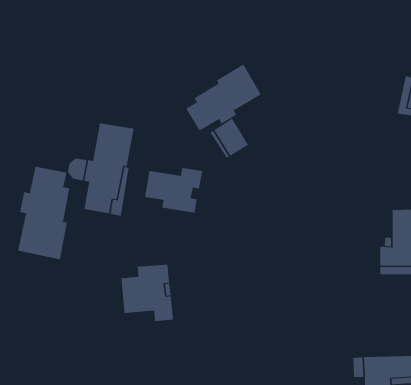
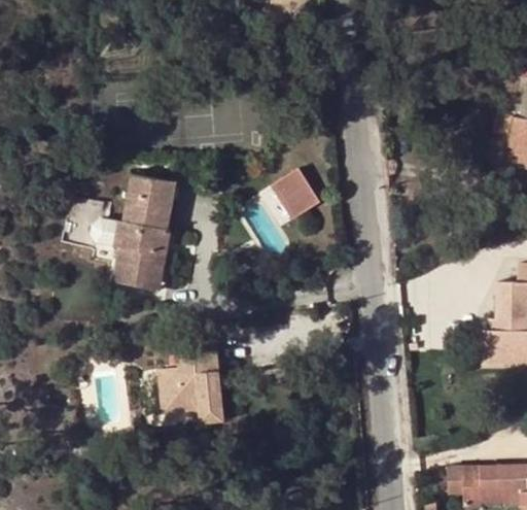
building: [186,63,262,131] -> none
building: [18,166,70,260] -> none
building: [145,167,203,213] -> none

